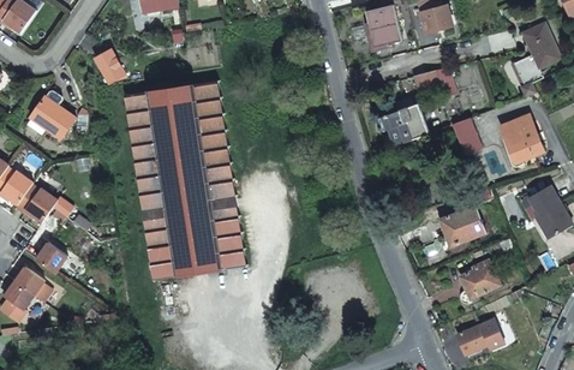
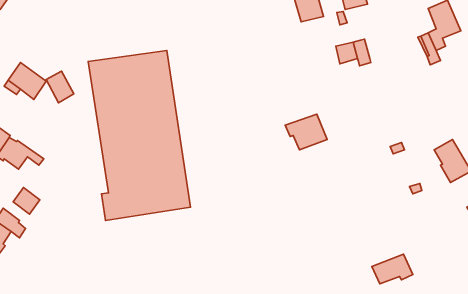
building: [91,48,124,85] -> [46,71,74,103]
building: [379,103,429,145] -> [285,114,327,150]
building: [502,115,544,161] -> none
building: [452,117,483,155] -> none
building: [438,205,485,245] -> none
building: [460,259,502,297] -> none

